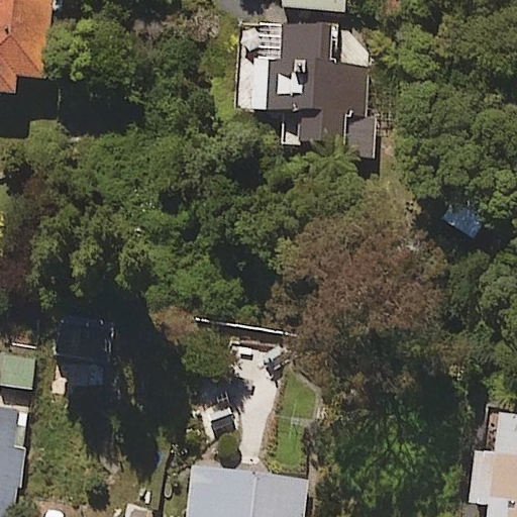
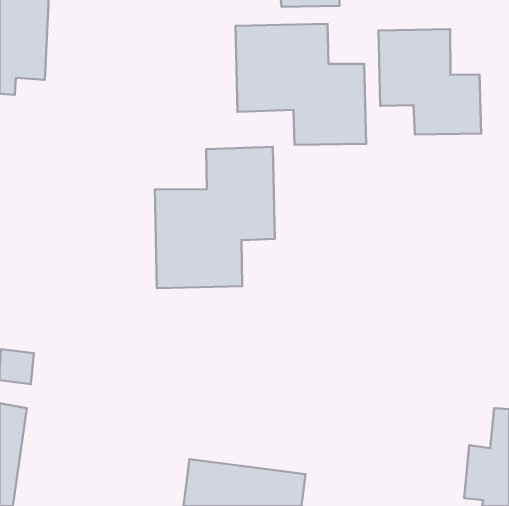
building: none -> [379,29,481,135]
building: none -> [155,147,275,288]

